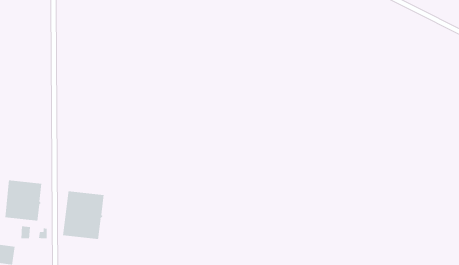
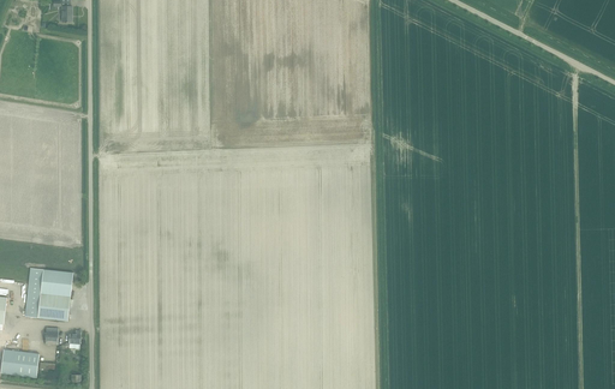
building: [63,191,104,240] -> none

